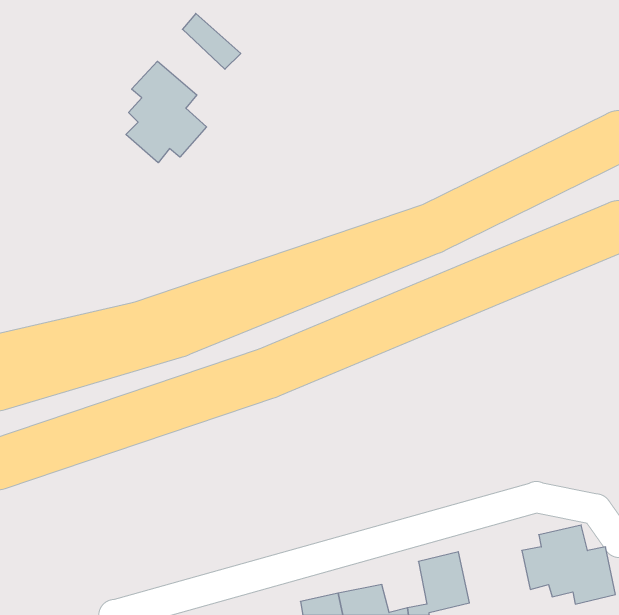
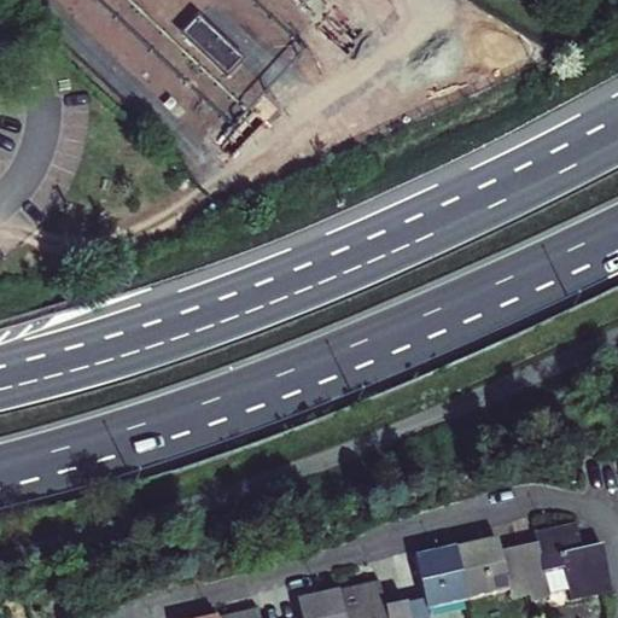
building: [126,61,207,163] -> none
building: none -> [455,538,526,599]

